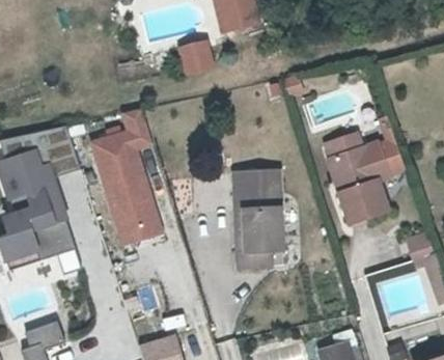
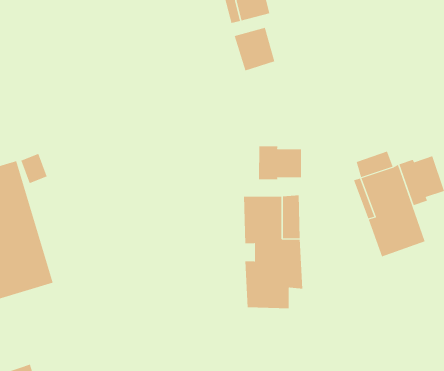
building: [174,34,210,72] -> [234,27,275,71]
building: [87,119,161,242] -> none
building: none -> [258,146,302,180]

